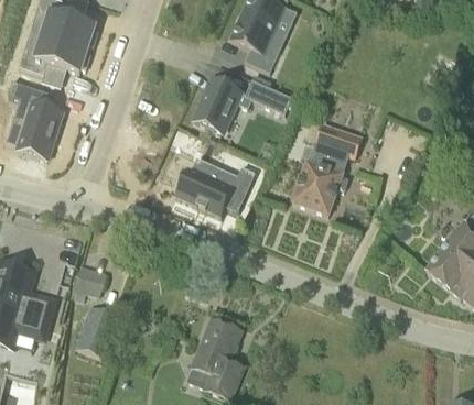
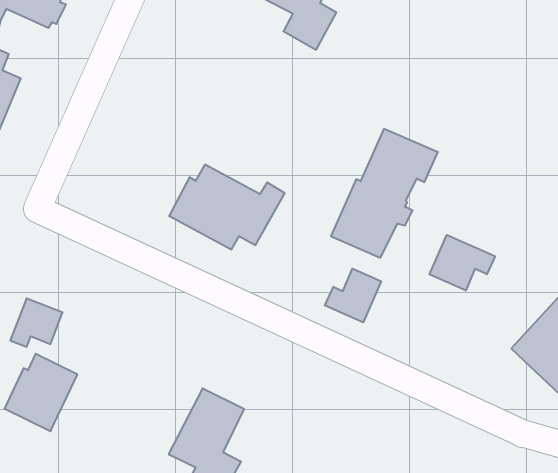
building: [195,77,293,131] -> none
building: none -> [430,235,495,291]
building: none -> [325,269,381,322]

